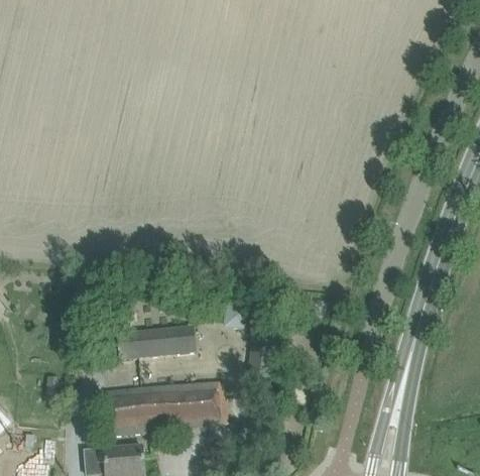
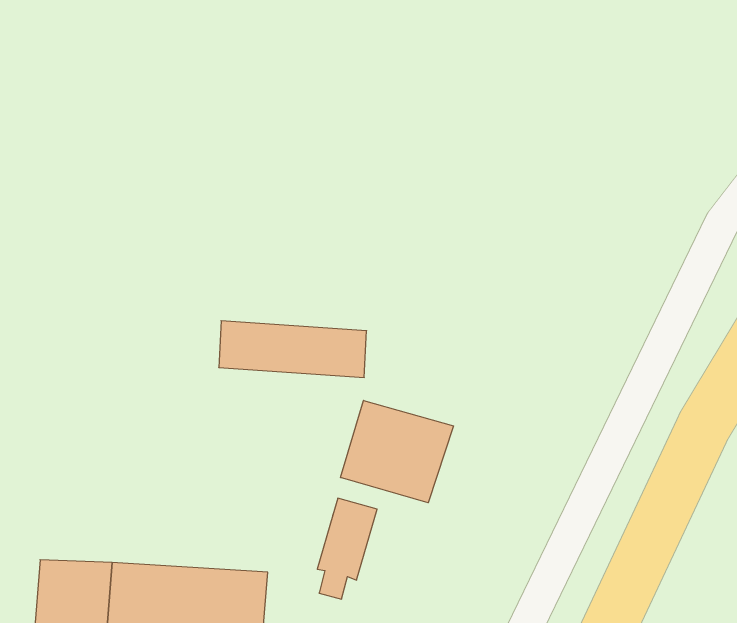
building: none -> [341,400,453,503]
building: [114,327,193,359] -> [219,321,367,377]

